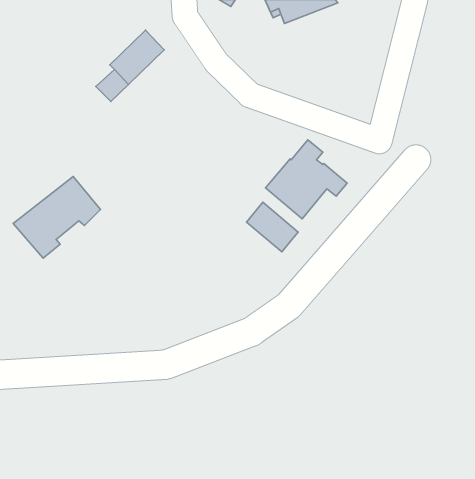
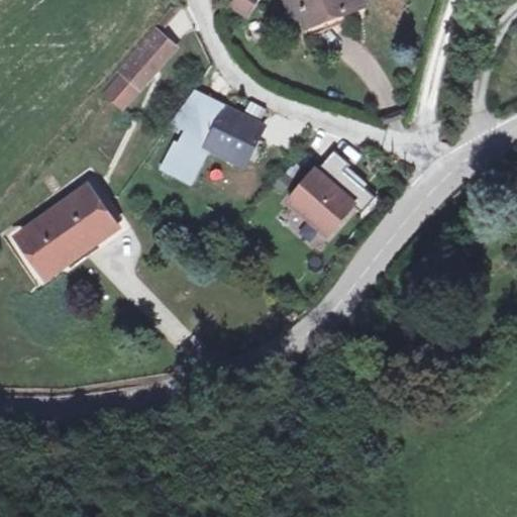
building: none -> [160,90,264,183]
building: [246,202,298,252] -> none

